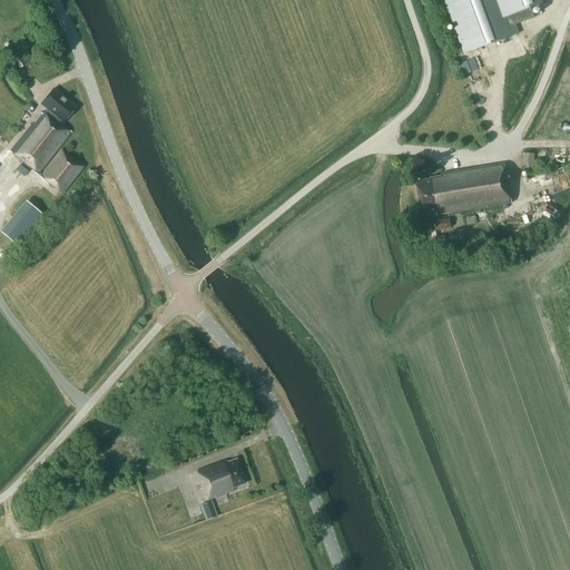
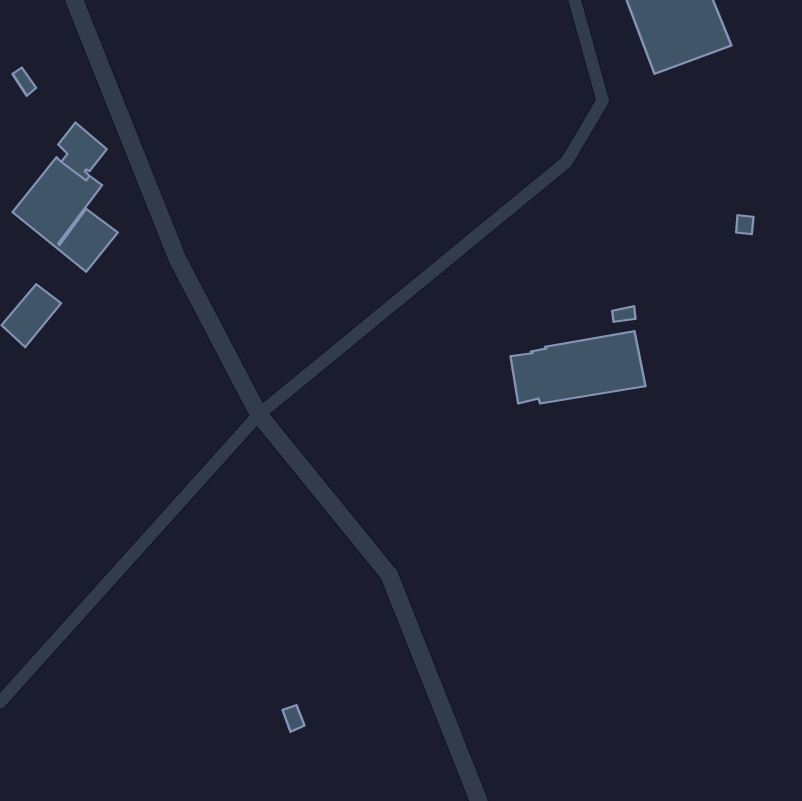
building: [416,163,512,214] -> [510,331,645,403]
building: [197,459,245,499] -> none

